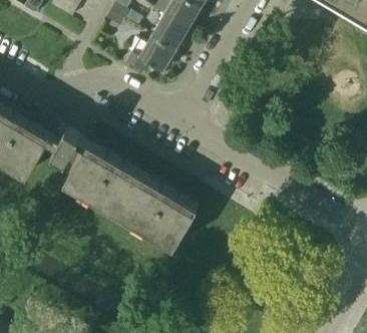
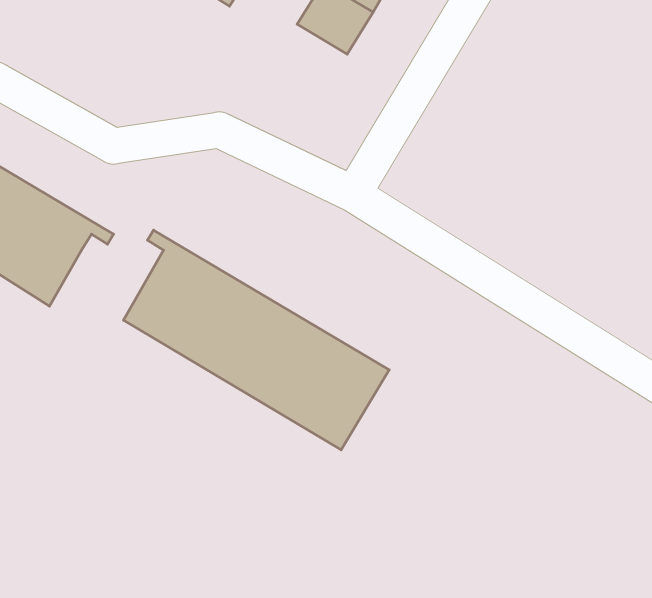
building: [124,35,174,73] -> none
building: [41,129,78,161] -> none

